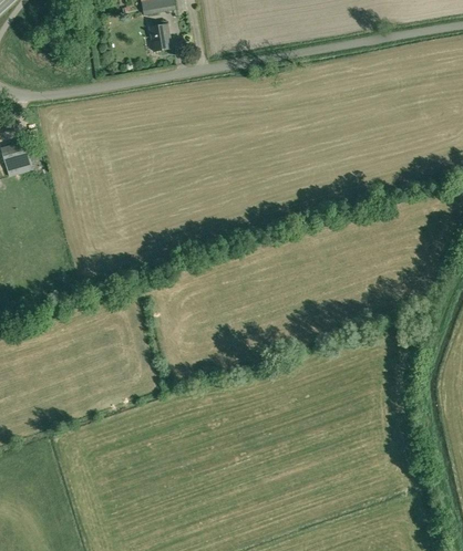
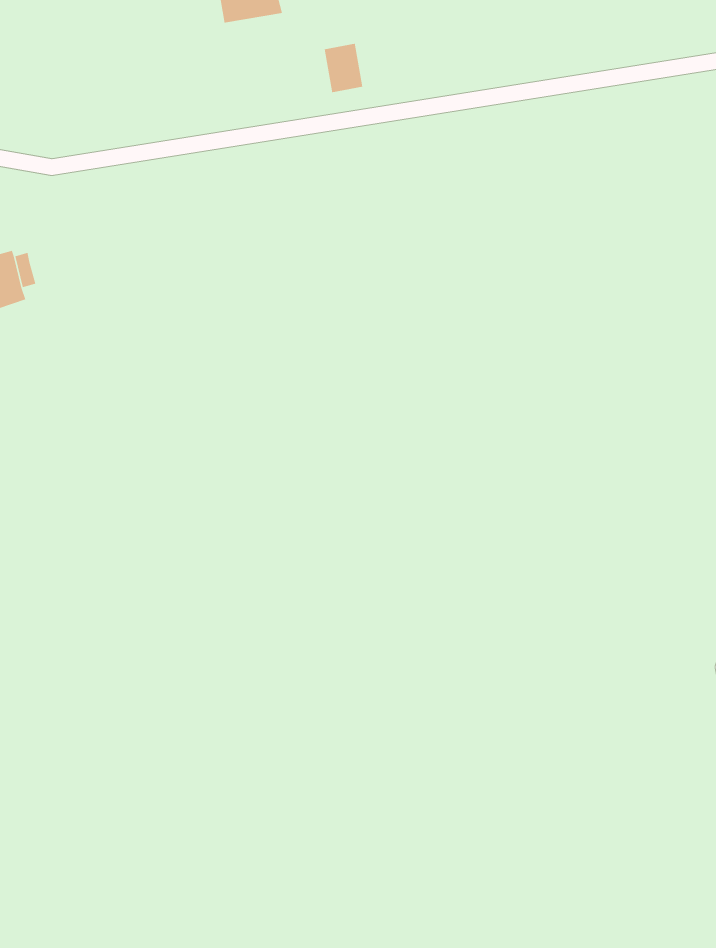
building: [148,23,171,51] -> [324,43,363,93]

